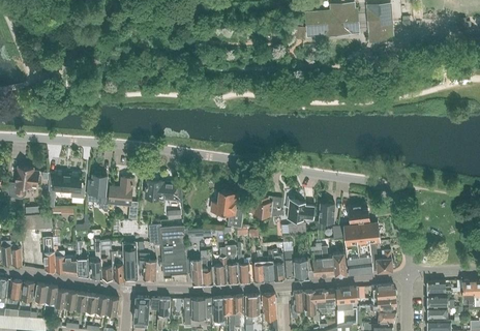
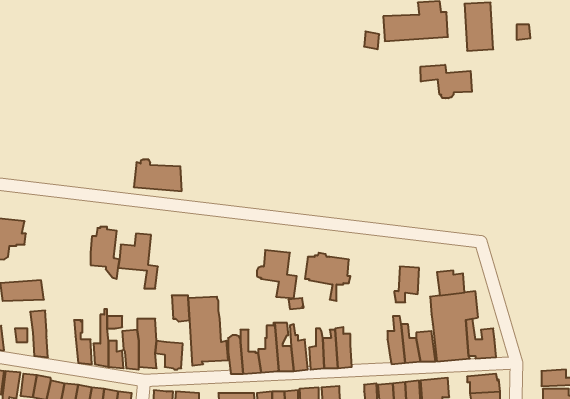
building: none -> [421,65,472,98]
building: [47,173,84,210] -> none
building: [145,179,181,203] -> [134,160,182,191]
building: [286,199,314,235] -> none
building: [54,252,78,277] -> none
building: [283,253,312,280] -> none

